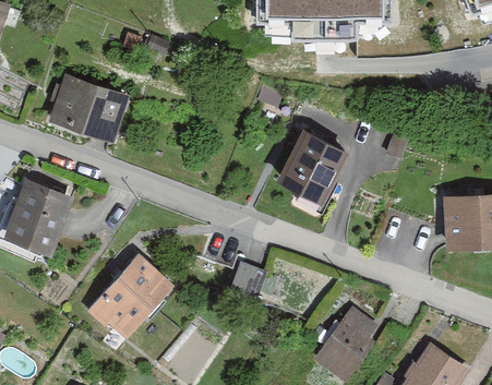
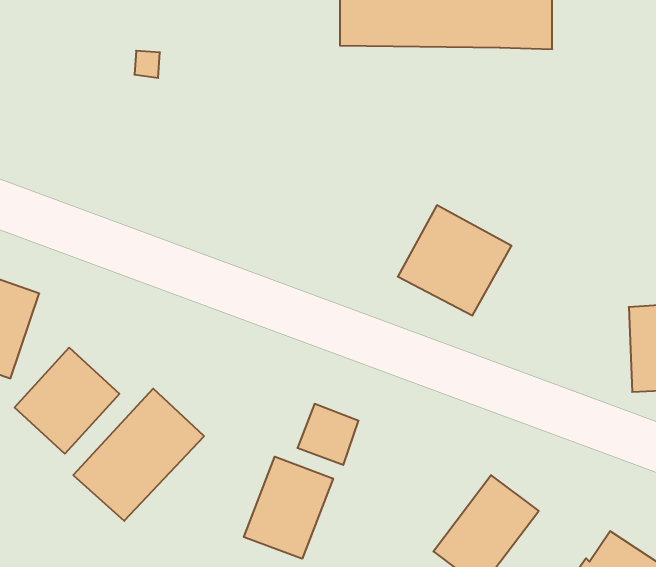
building: [43,72,124,142] -> none
building: none -> [15,348,119,454]
building: none -> [244,457,333,559]

